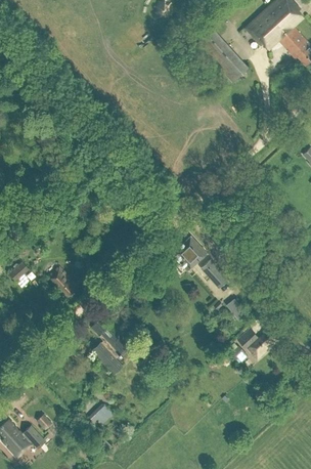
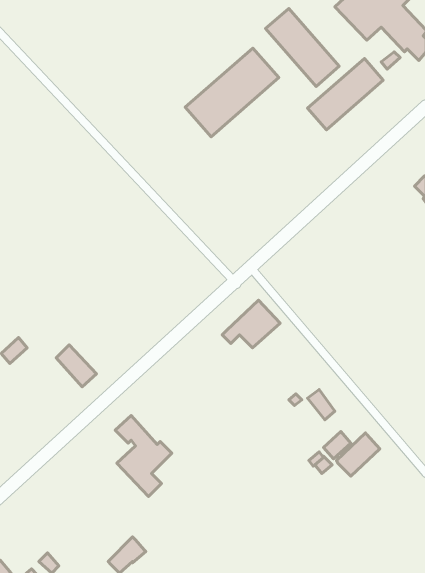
building: none -> [185,48,279,137]
building: none -> [308,58,383,130]
building: [196,259,228,289] -> none

